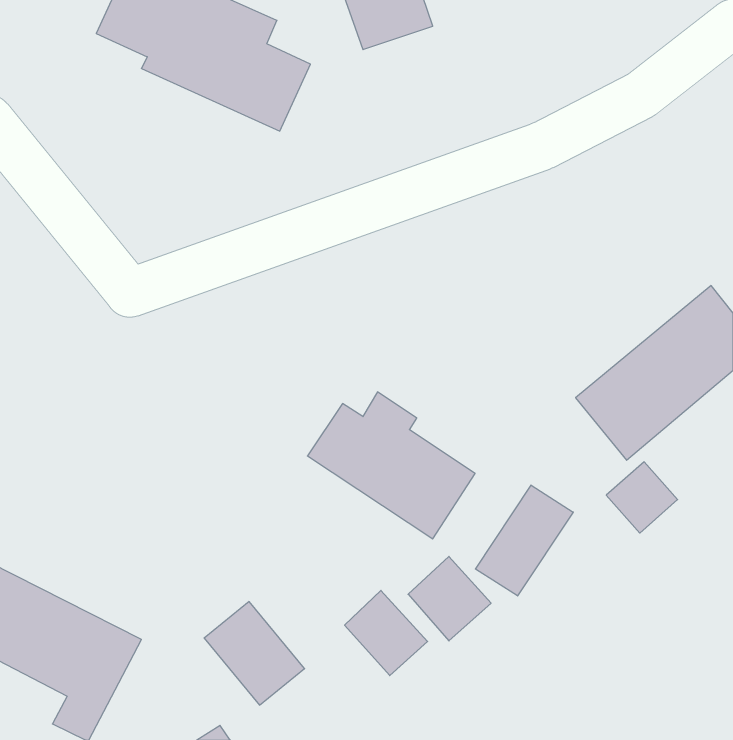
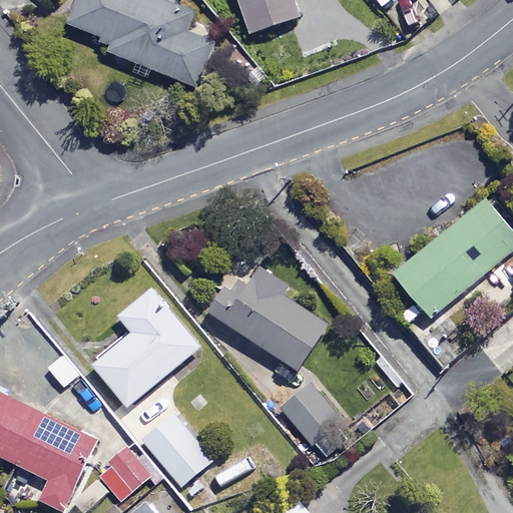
building: none -> [91,288,198,406]
building: [475,485,573,596] -> none
building: [345,590,428,676] -> none
building: none -> [96,446,151,500]

